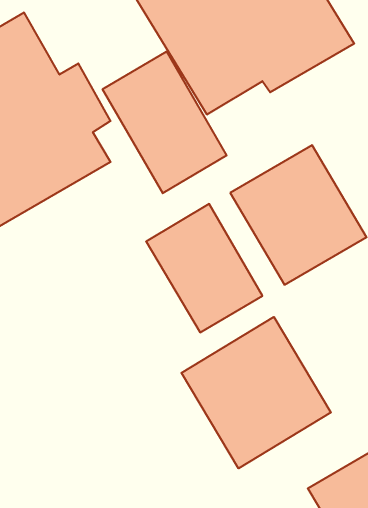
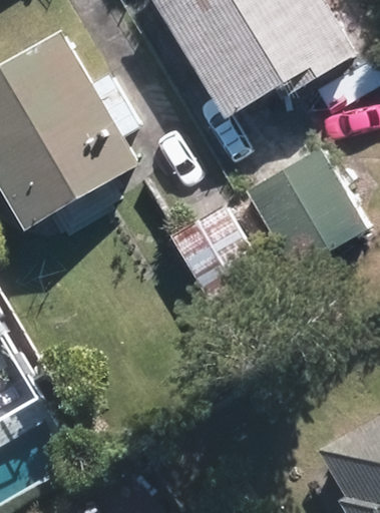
building: [103,52,227,193] -> none
building: [181,317,331,468] -> none

